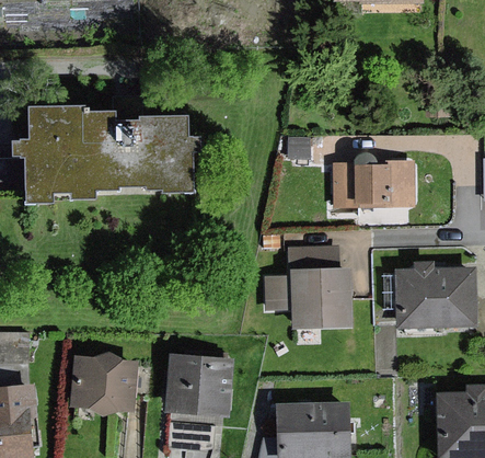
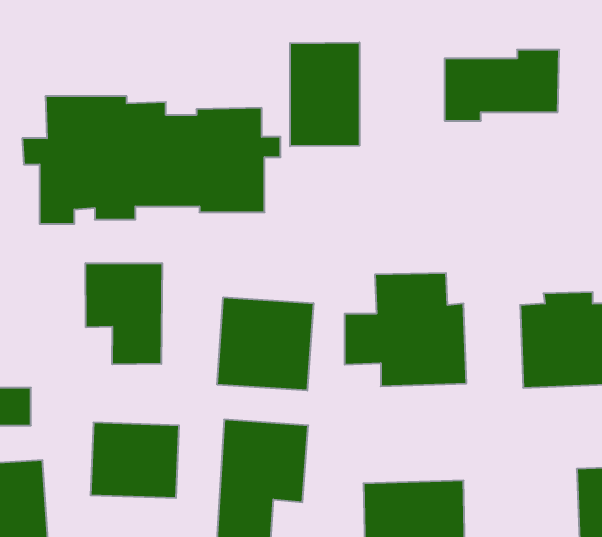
building: none -> [290,42,359,146]
building: [331,158,417,211] -> [445,50,559,121]
building: none -> [86,263,162,364]
building: none -> [217,297,313,391]

